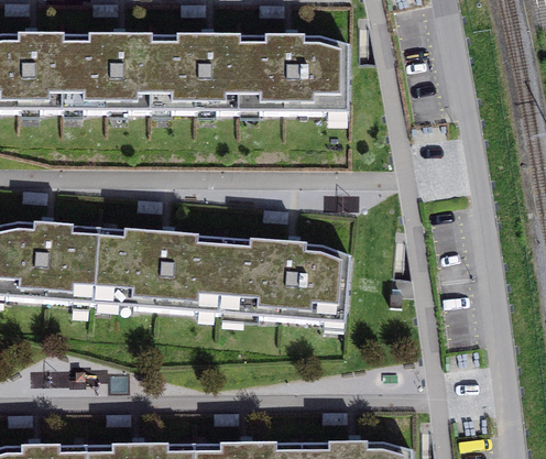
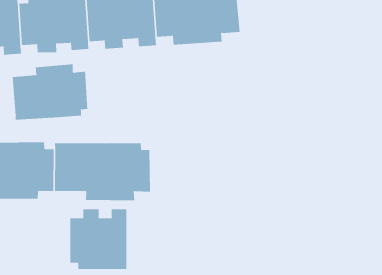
building: none -> [12,64,88,121]
building: [217,238,349,320] -> none
building: none -> [70,208,127,270]

